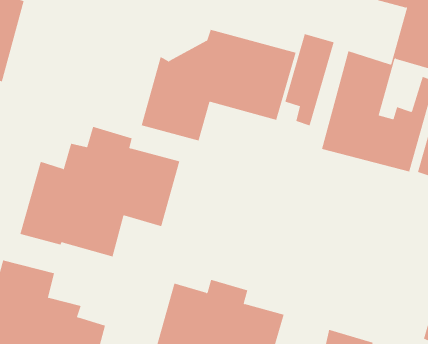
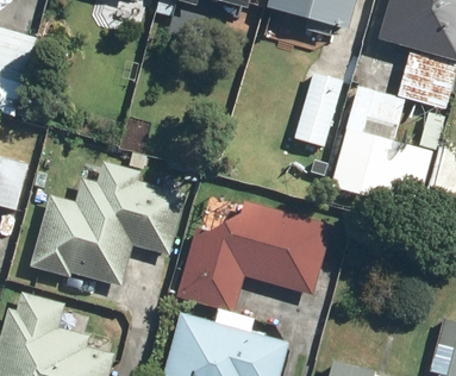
building: [141,29,296,141] -> [175,201,327,311]

